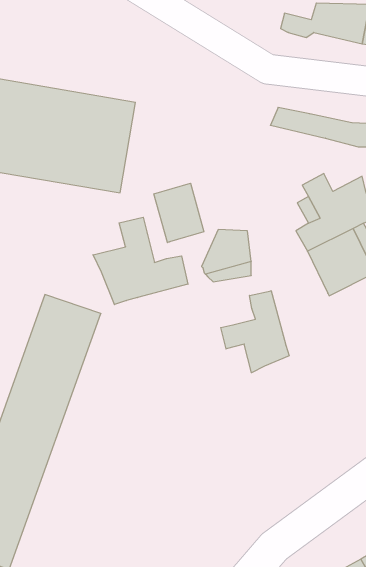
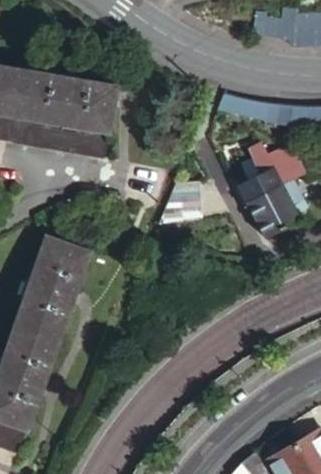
building: [154,183,204,243] -> none
building: [93,217,188,305] -> none
building: [221,291,289,373] -> none

